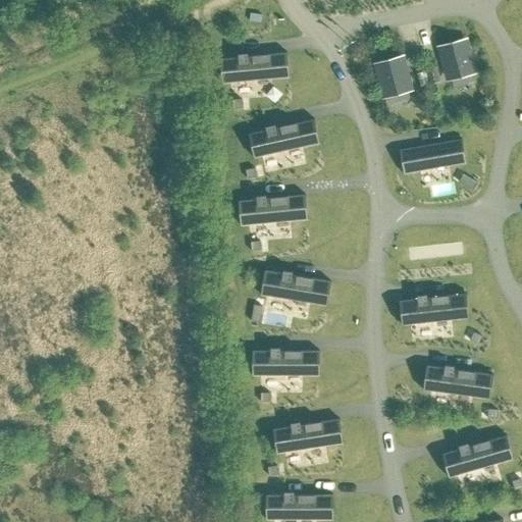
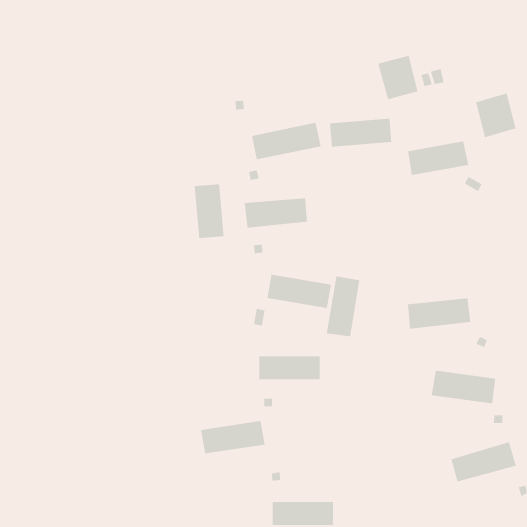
building: [435,38,476,83] -> [475,93,516,138]
building: [223,54,285,84] -> [329,118,392,148]
building: none -> [194,183,224,239]
building: none -> [326,275,360,337]
building: [275,420,340,454] -> [200,420,265,454]

